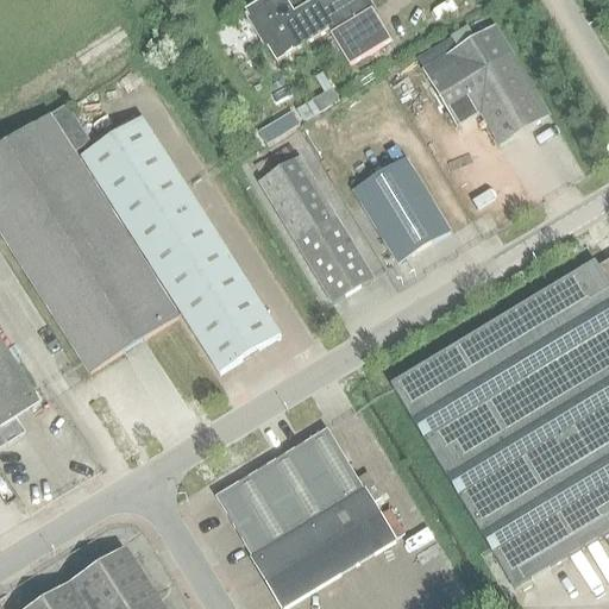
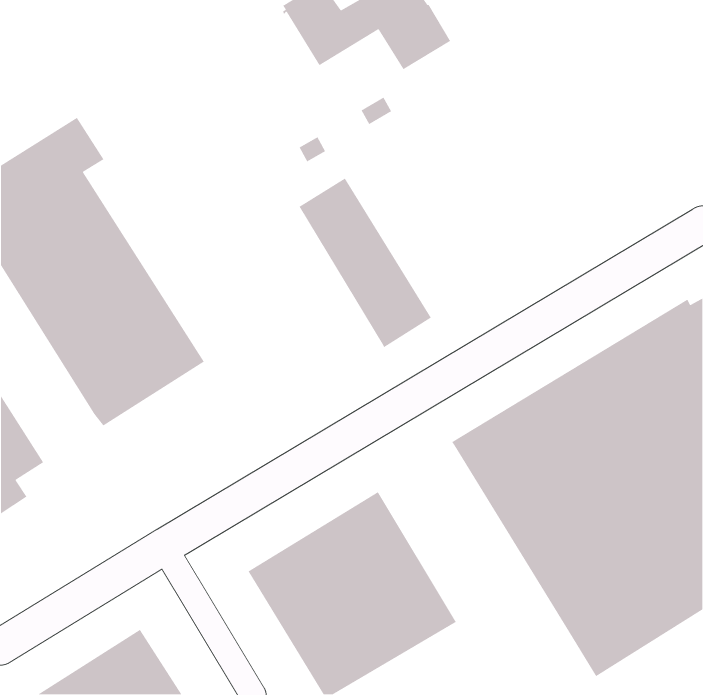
building: [421,23,548,142] -> none
building: [81,117,276,370] -> none
building: [352,155,450,260] -> none

